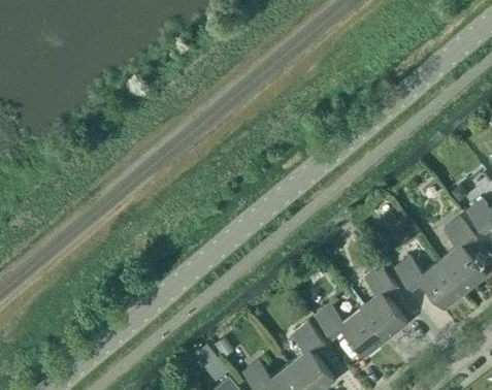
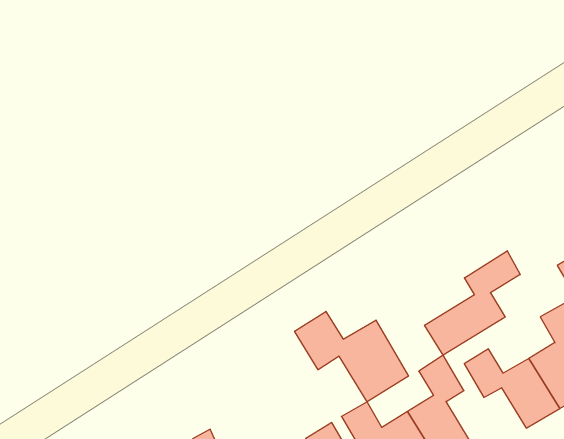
building: none -> [425,251,520,355]
building: none -> [295,311,408,402]

